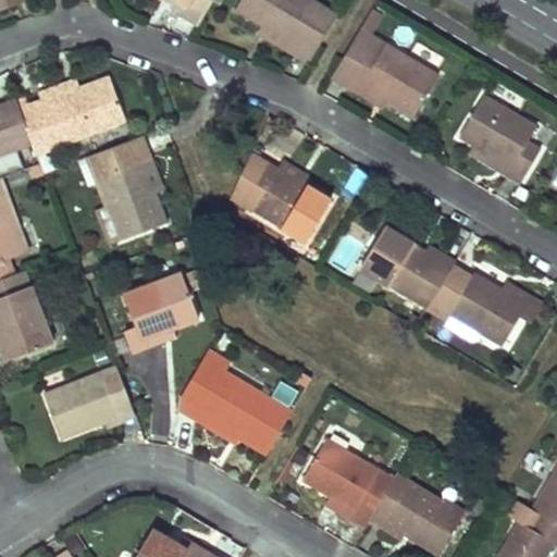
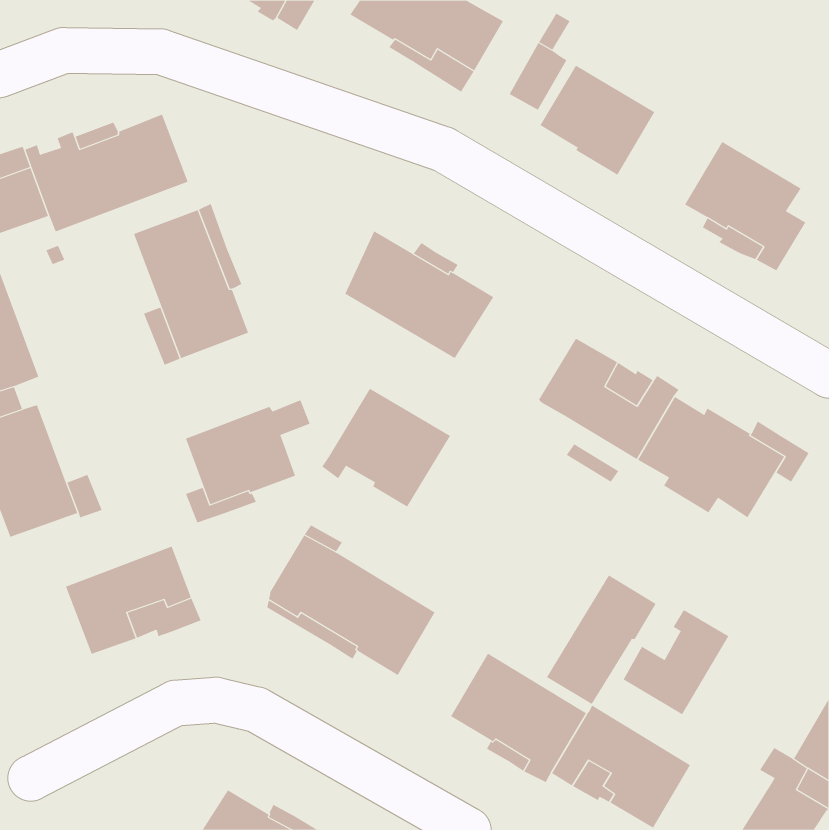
building: [332,40,386,107] -> none
building: none -> [322,388,451,508]
building: none -> [546,574,656,705]
building: none -> [623,609,729,715]

